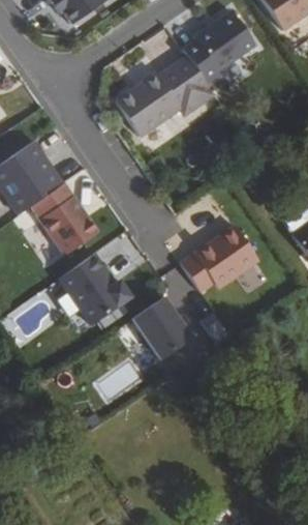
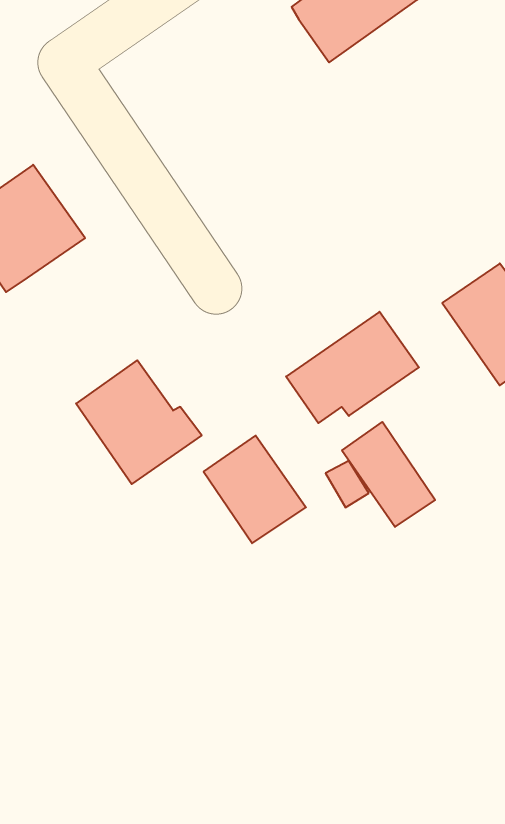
building: [116,57,215,137] -> none
building: [32,183,99,256] -> none
building: none -> [342,422,435,527]

